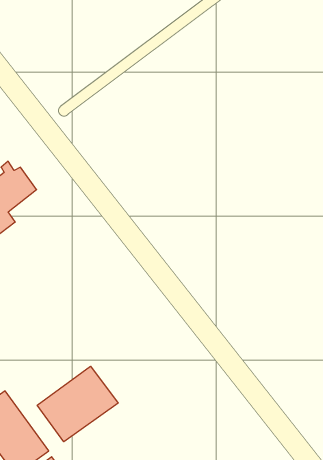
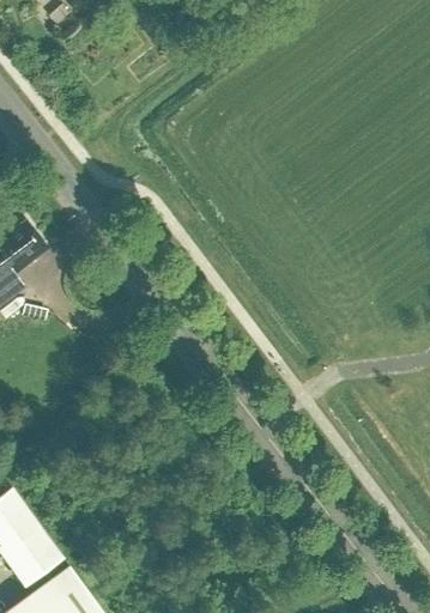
building: [37,366,118,442] -> none

